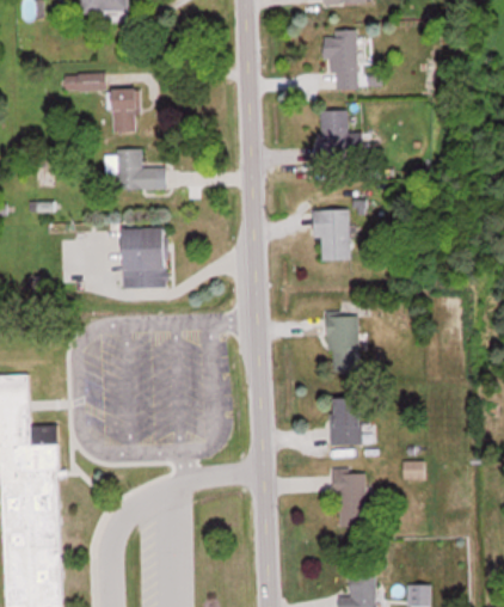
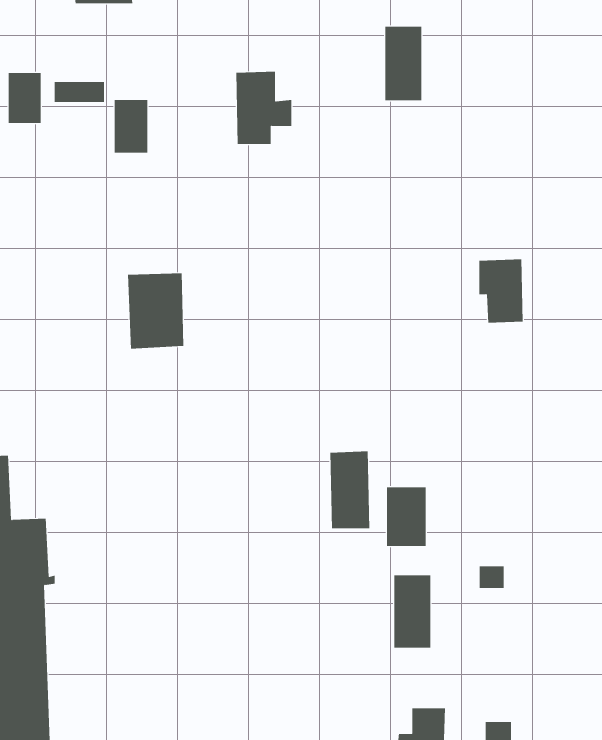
building: none -> [8,72,41,124]
building: [315,110,361,168] -> [235,71,292,144]
building: [116,149,166,189] -> none
building: [314,209,350,260] -> [479,259,524,323]
building: [326,309,358,372] -> [330,451,370,529]

